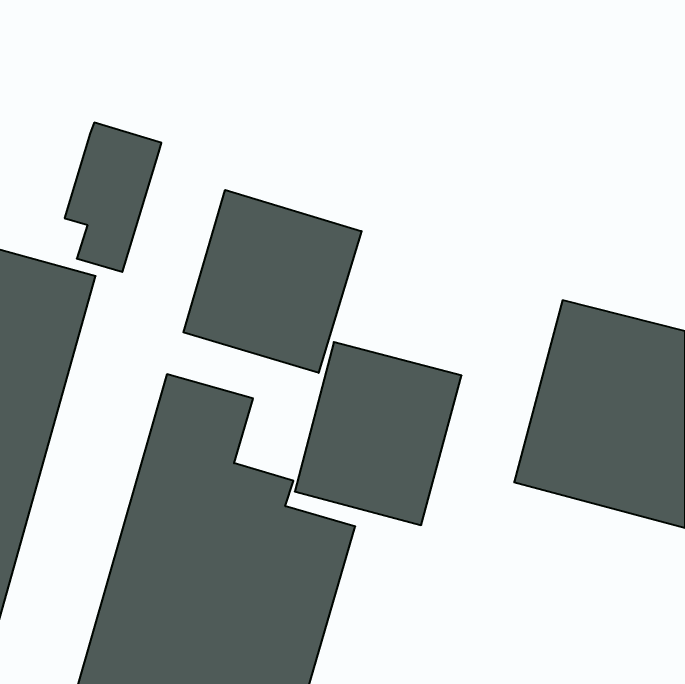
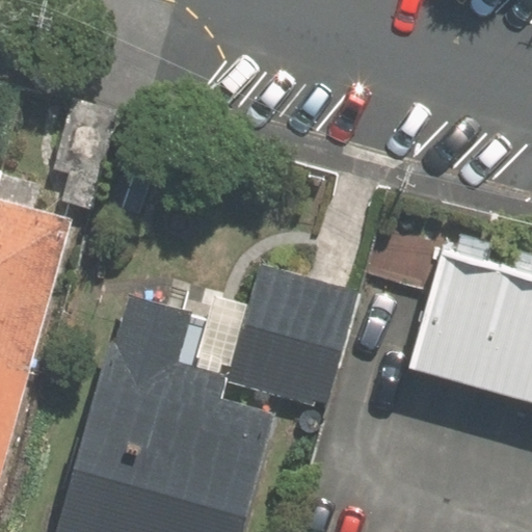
building: [183,190,362,373] -> none

